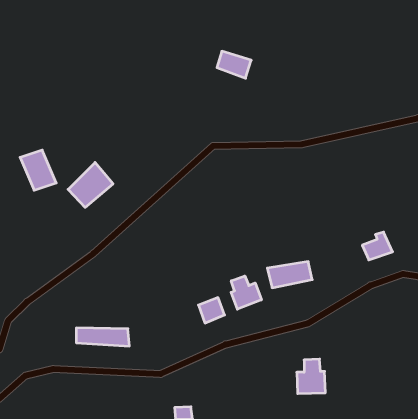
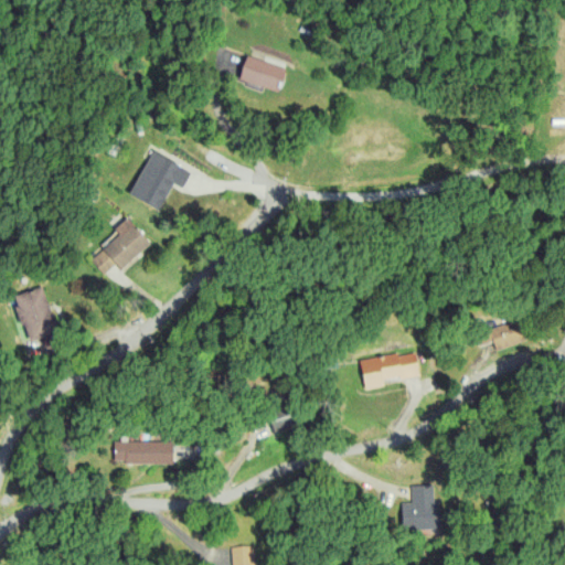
building: [217,51,251,78] -> [241,56,287,93]
building: none -> [128,150,190,209]
building: [20,150,56,190] -> [14,288,63,342]
building: [231,276,261,309] -> none

